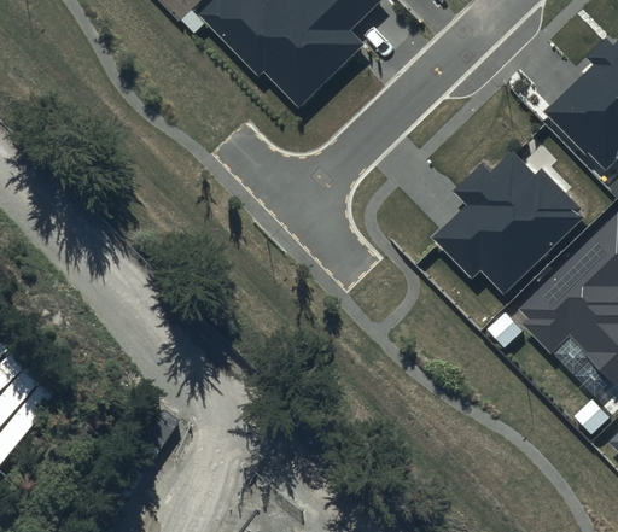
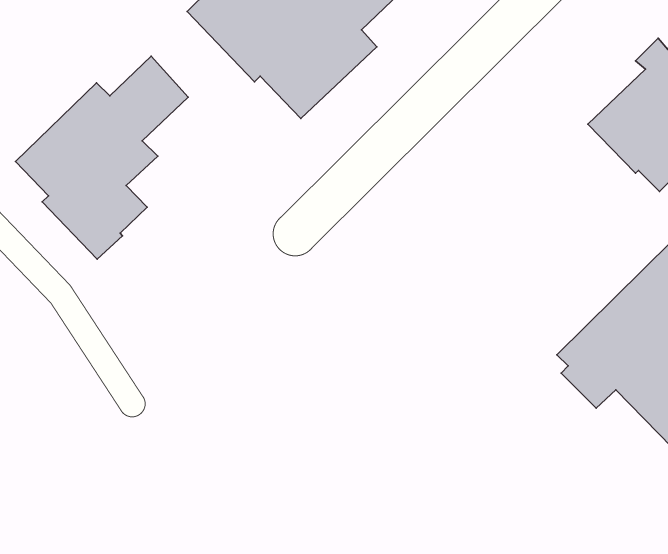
building: none -> [16,56,188,259]
building: [435,151,588,294] -> none

